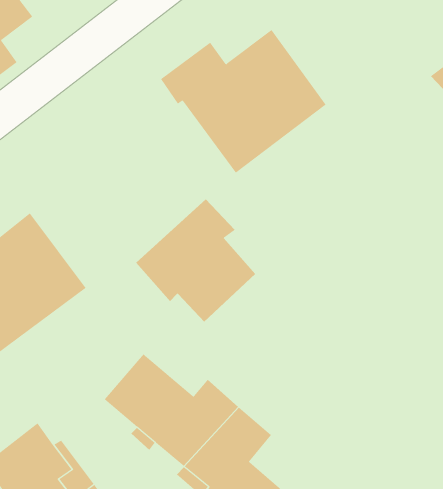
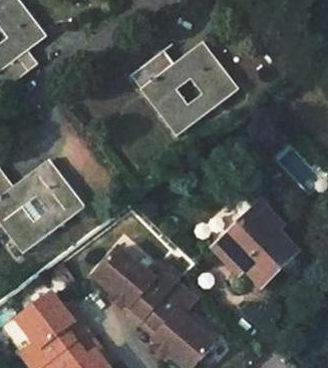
building: [135,199,256,322] -> [215,205,292,284]

